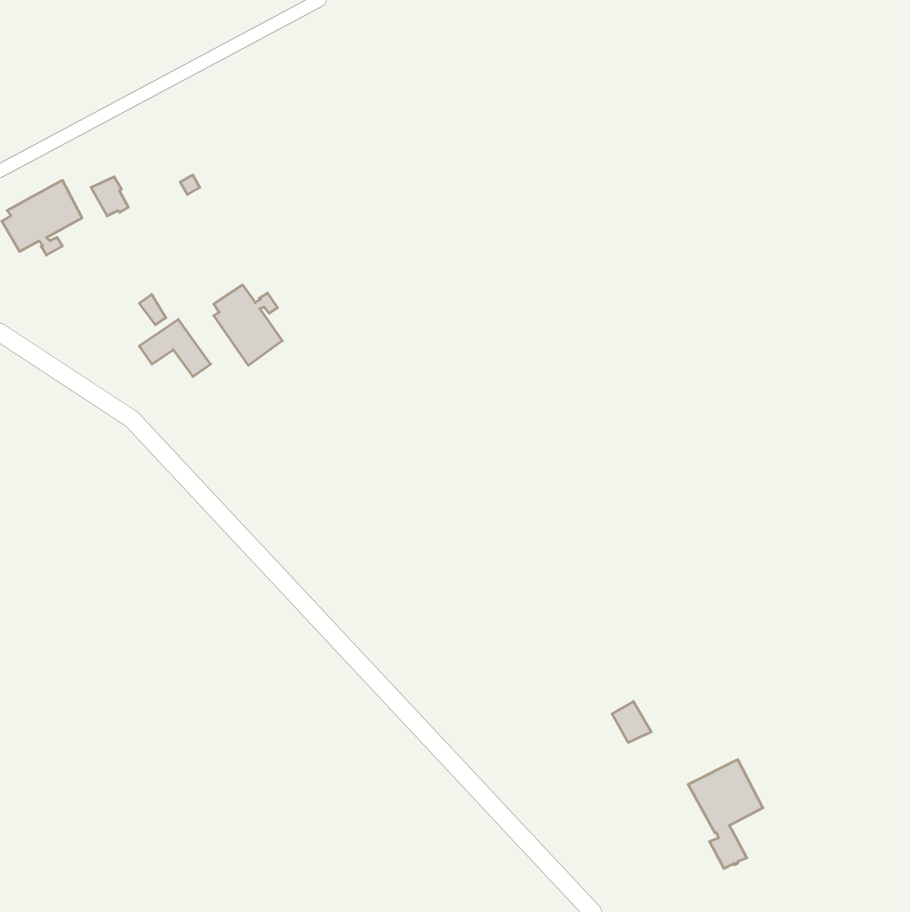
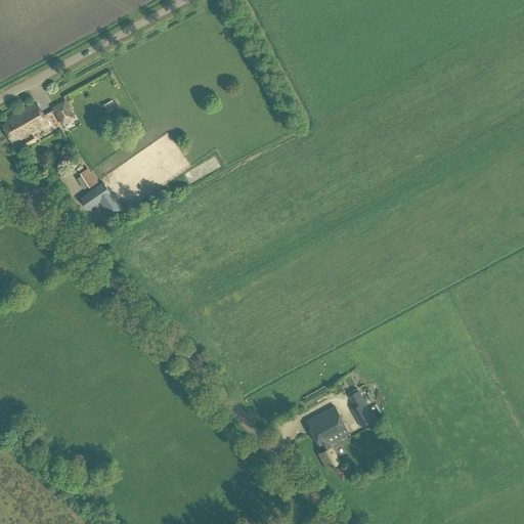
building: [214,285,282,365] -> none
building: [688,760,763,868] -> [305,406,348,469]

